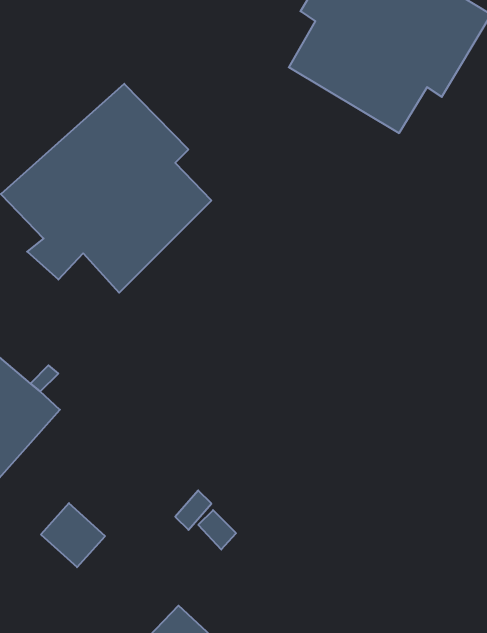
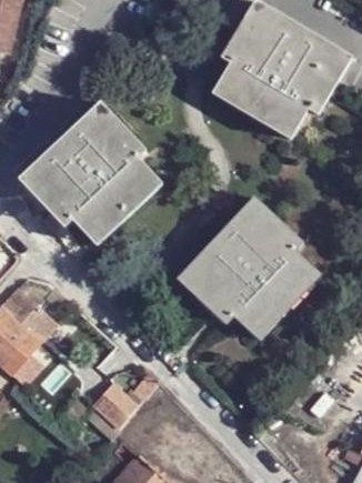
building: none -> [181,197,321,339]
building: [41,503,105,567] -> [97,389,140,432]

